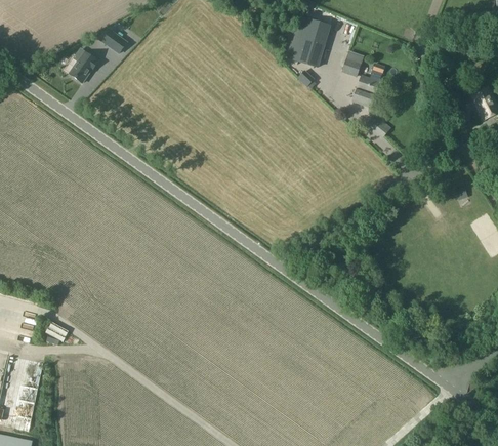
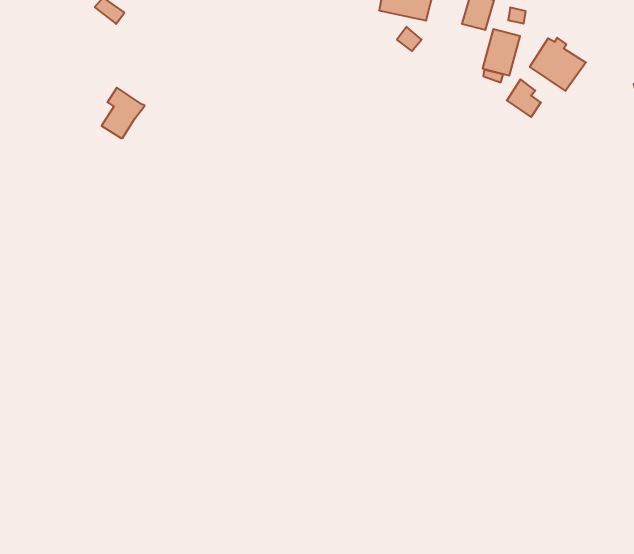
building: [69,47,98,81] -> [102,88,145,138]
building: none -> [530,38,586,91]

